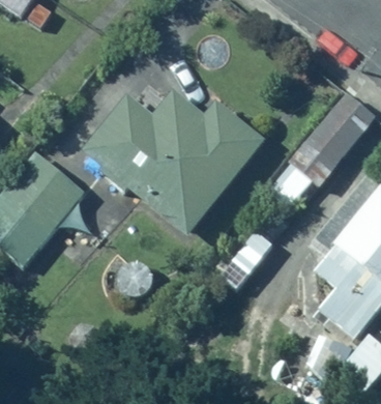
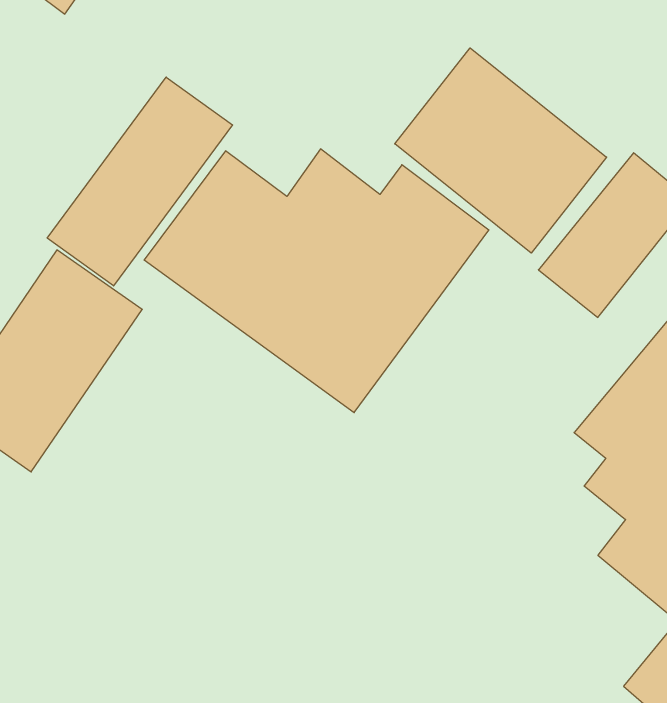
building: none -> [395,48,607,253]
building: none -> [47,77,233,286]

